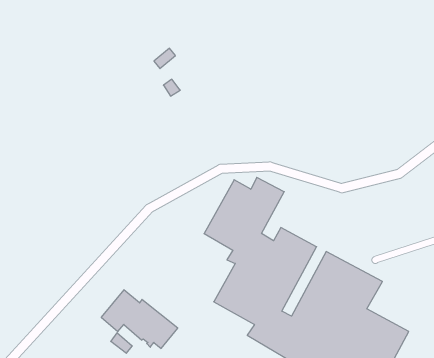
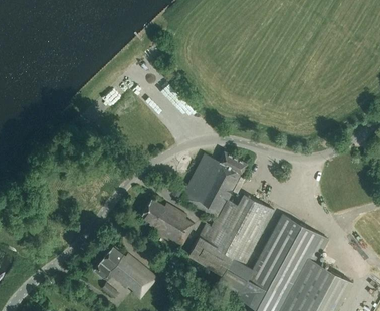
building: none -> [140,198,195,245]

